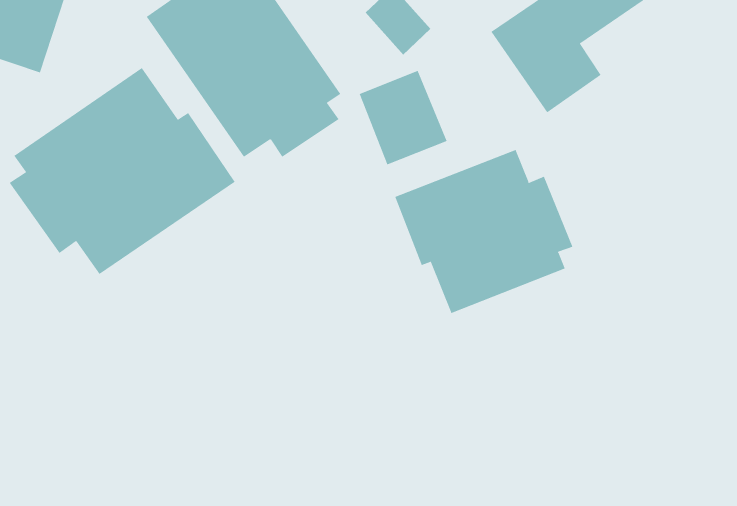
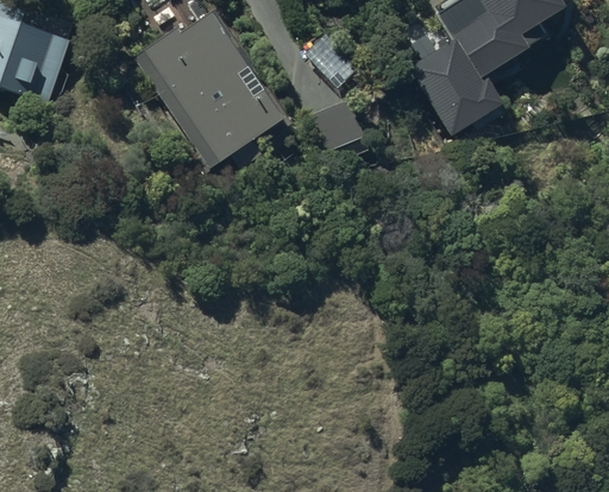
building: [9,67,236,275] -> none
building: [394,149,573,314] -> none

